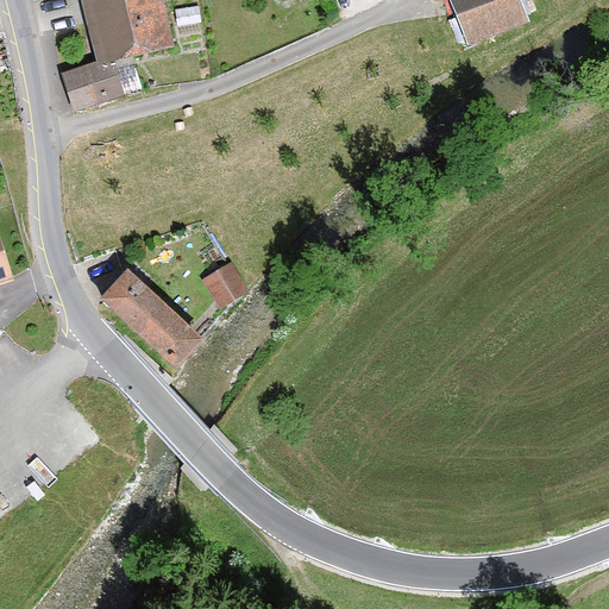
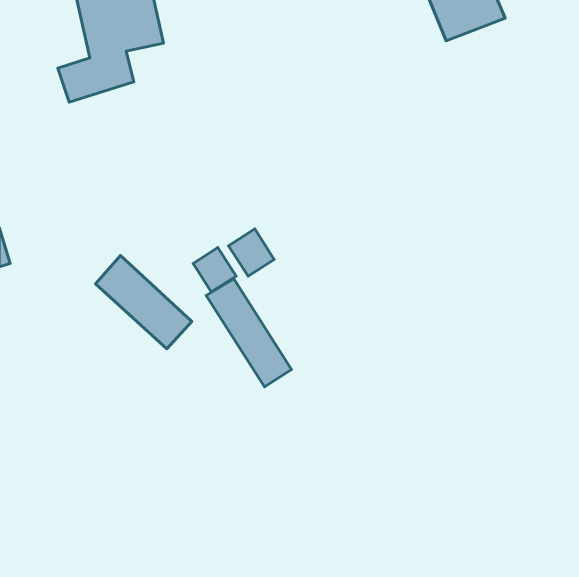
building: none -> [229,229,274,276]
building: none -> [206,279,291,387]

